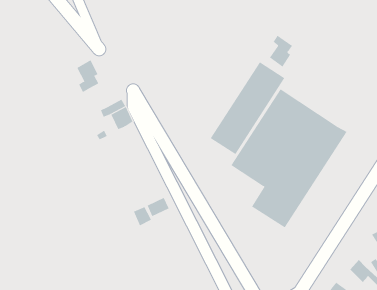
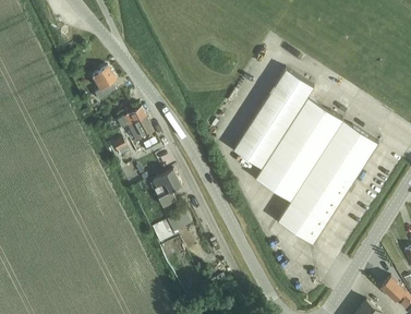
building: [269,35,293,68] -> none
building: none -> [153,171,181,208]

